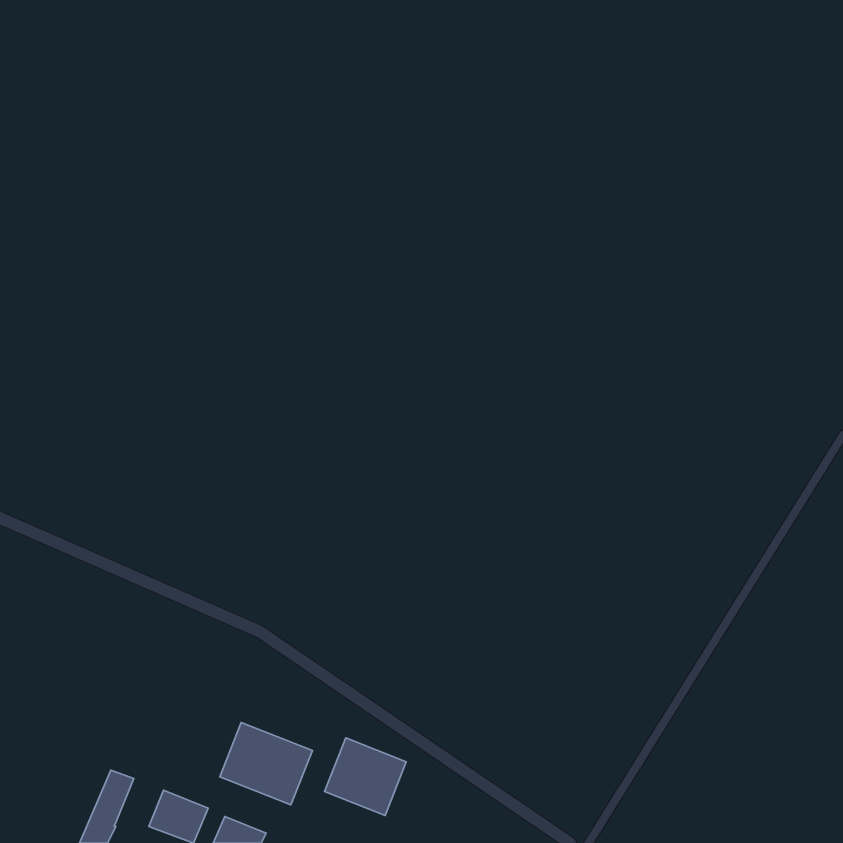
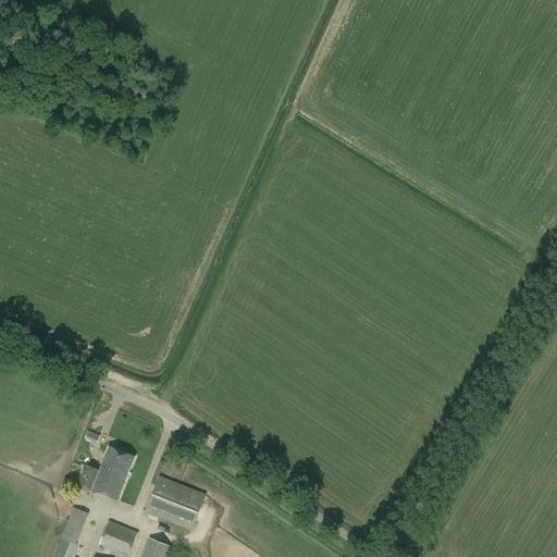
building: none -> [77,446,143,504]
building: [324,738,406,816] -> none

